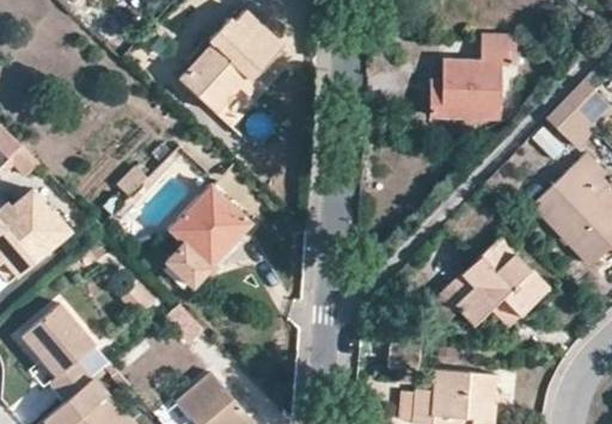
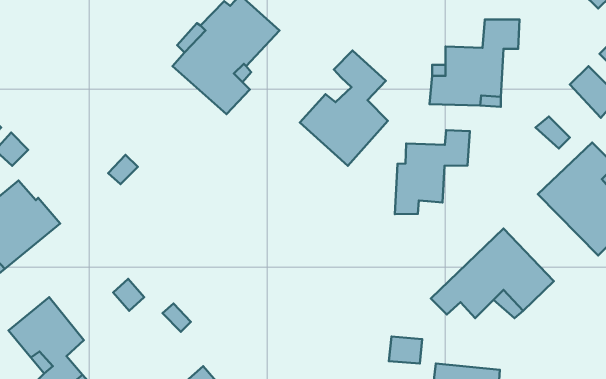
building: none -> [300,50,388,166]
building: [546,97,595,147] -> none
building: none -> [395,130,470,214]
building: [165,183,252,287] -> none

